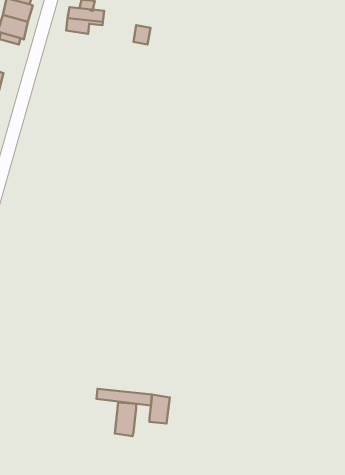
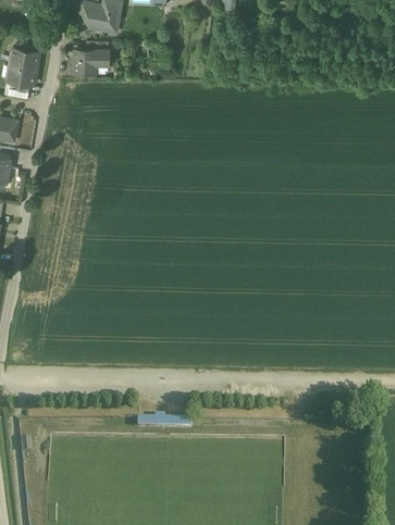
building: [149,394,170,423] -> none
building: [115,402,136,436] -> none

